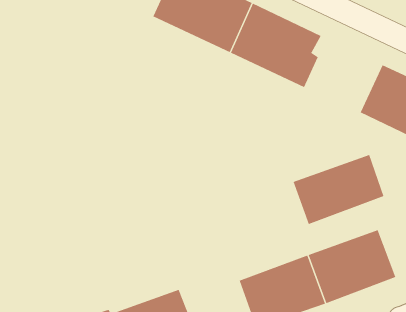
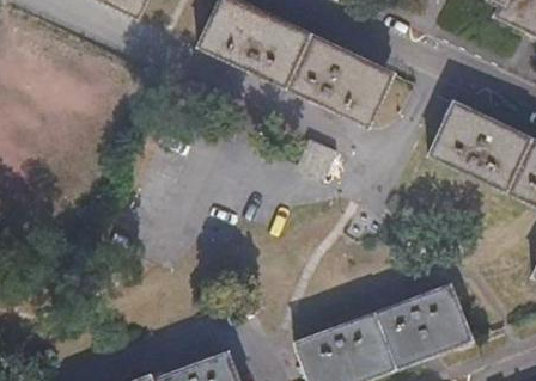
building: [293,154,384,225] -> none

